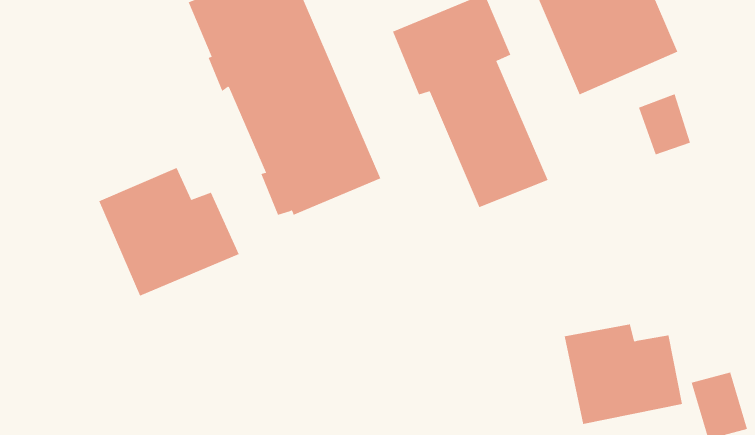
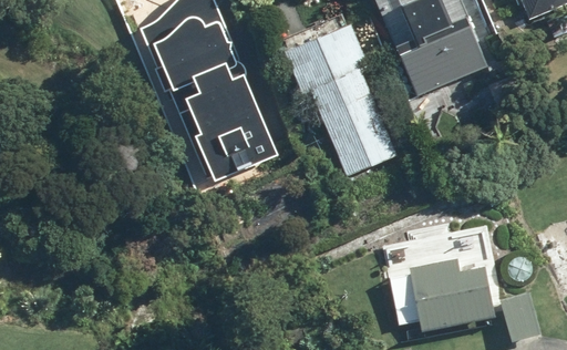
building: [99,167,239,296] -> none

